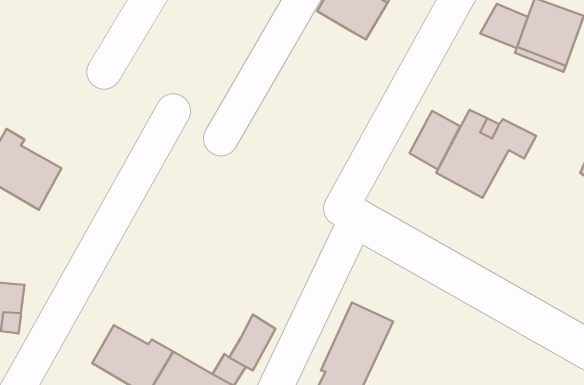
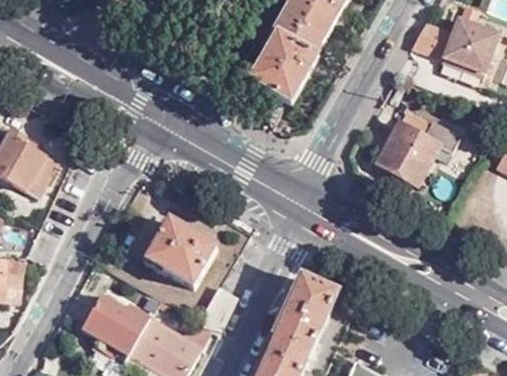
building: none -> [250,27,318,99]
building: [409,111,460,169] -> none
building: none -> [149,220,218,286]

